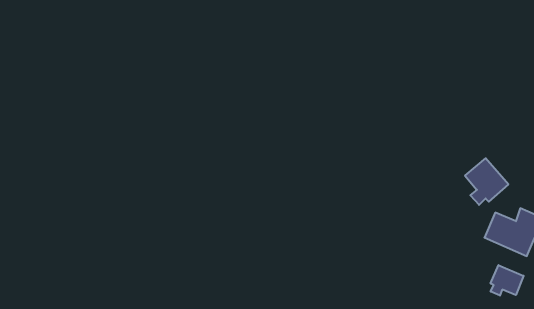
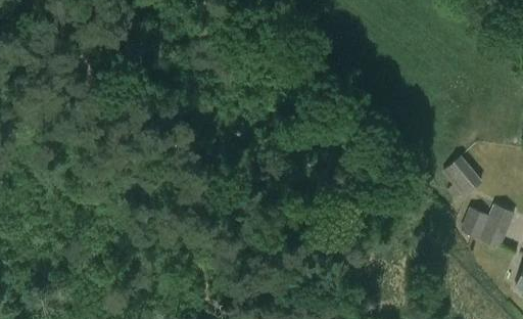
building: [491,265,524,296] -> none

